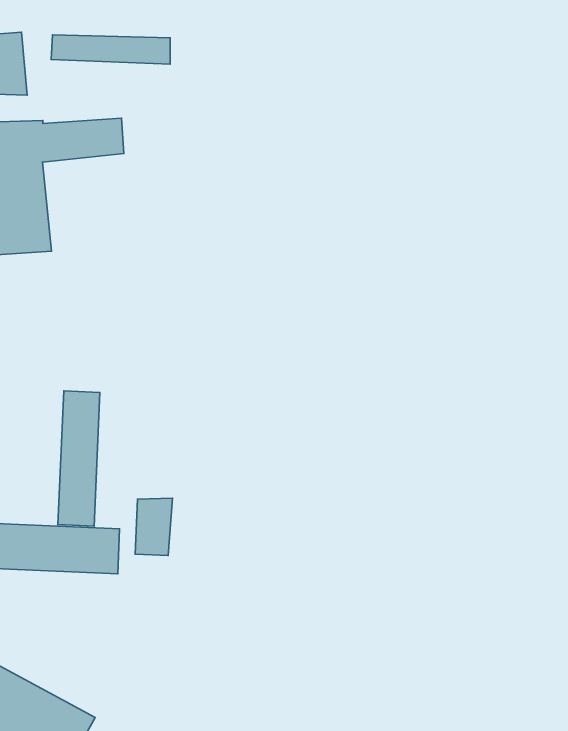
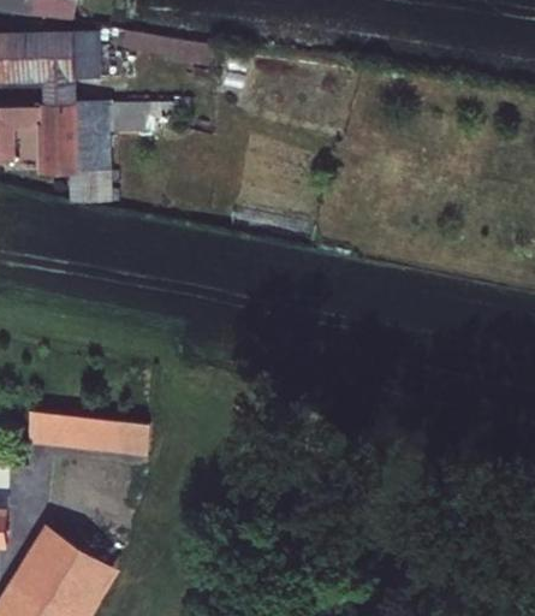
building: [58,391,100,526] -> none
building: [135,498,172,555] -> none

